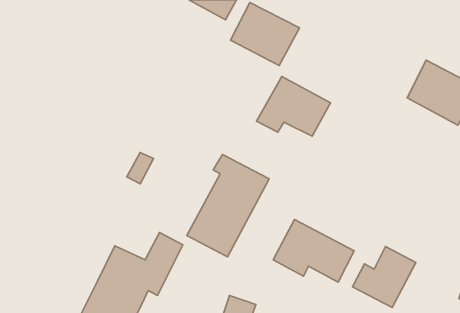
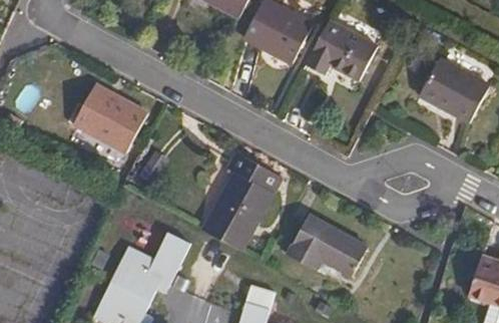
building: [257,77,331,136] -> [305,24,378,83]
building: none -> [70,89,144,157]
building: [353,246,416,308] -> none

